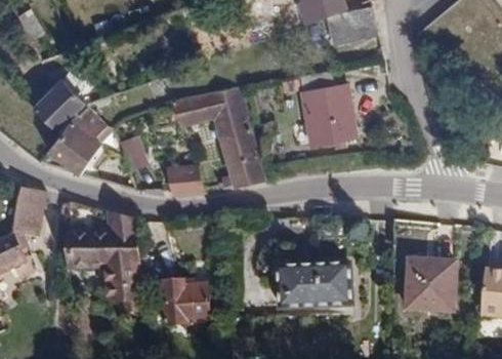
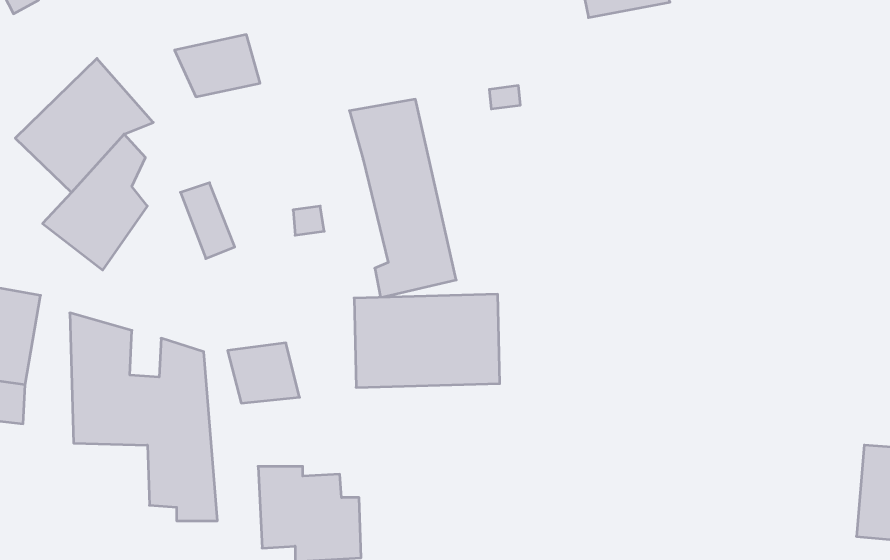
building: [302,72,358,147] -> none
building: [171,93,216,126] -> [175,35,260,97]
building: [168,165,206,197] -> [228,343,300,403]
building: [401,258,455,316] -> none
building: [273,263,349,312] -> [354,294,500,387]

